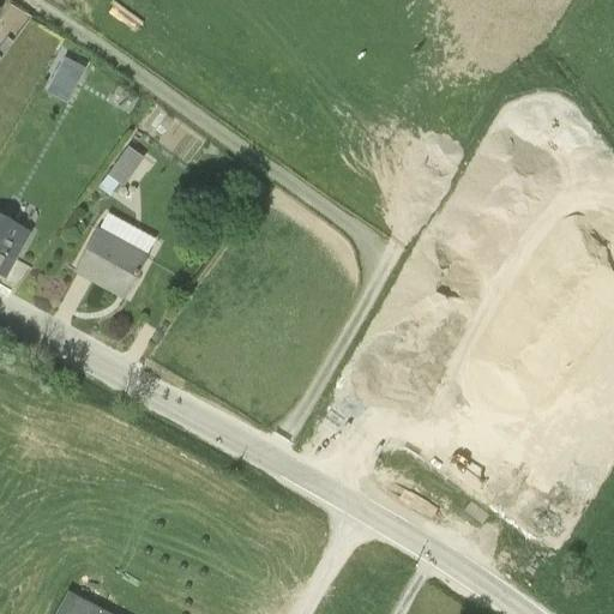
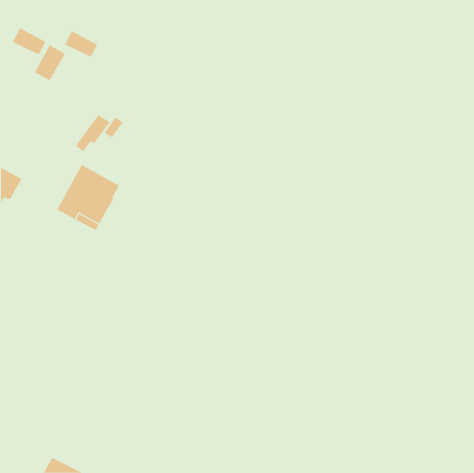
building: none -> [12,27,46,55]
building: none -> [65,31,98,57]

